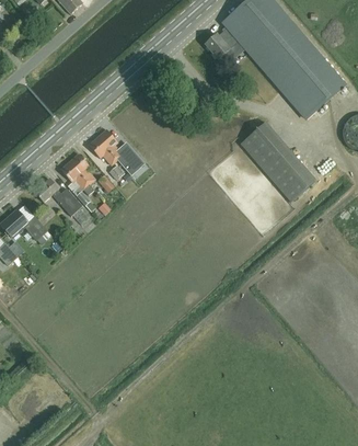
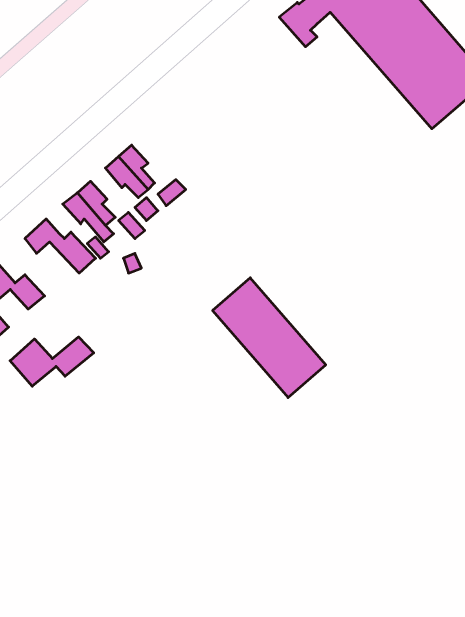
building: [240,122,315,202] -> [213,278,326,398]
building: none -> [10,337,94,386]

